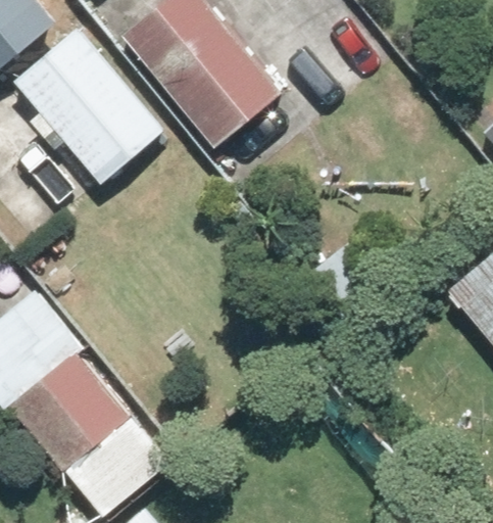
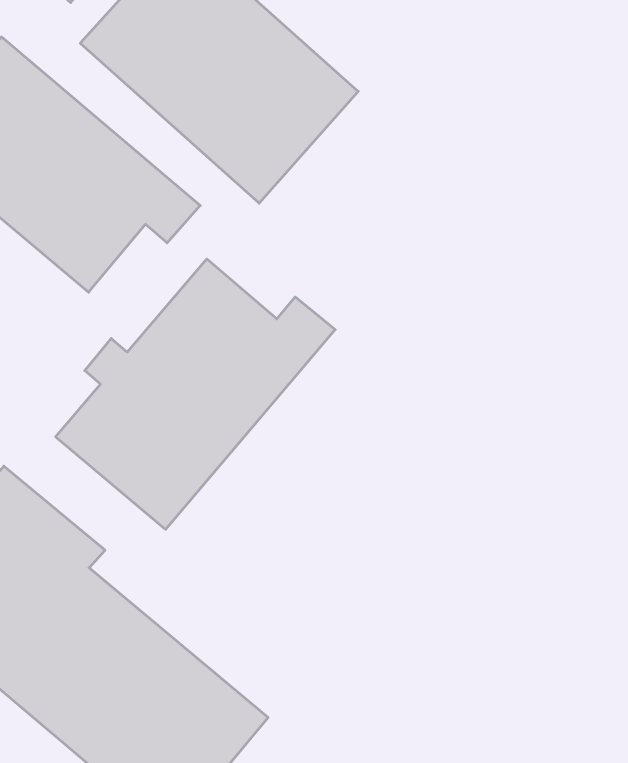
building: none -> [56,259,335,529]

